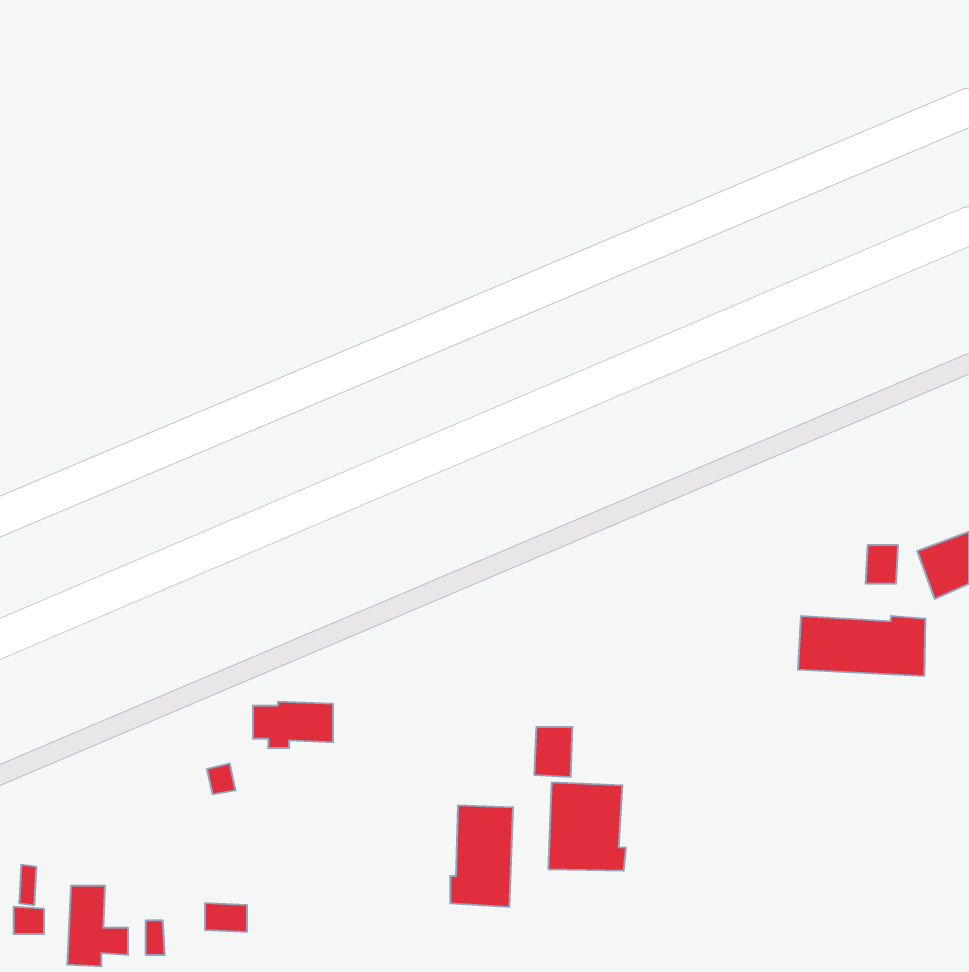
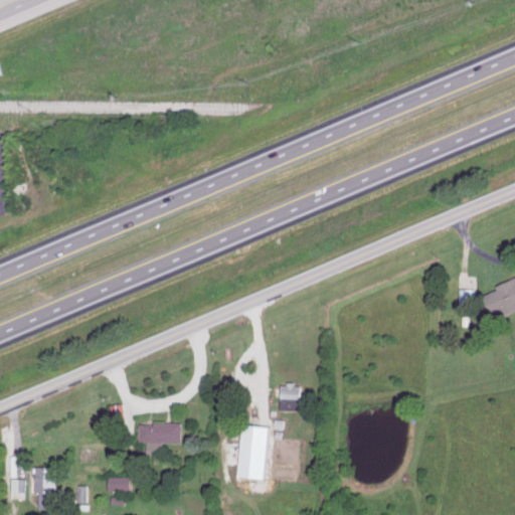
building: [798,616,925,676] -> none
building: [253,702,333,748] -> [139,423,181,448]
building: [549,782,626,871] -> none

